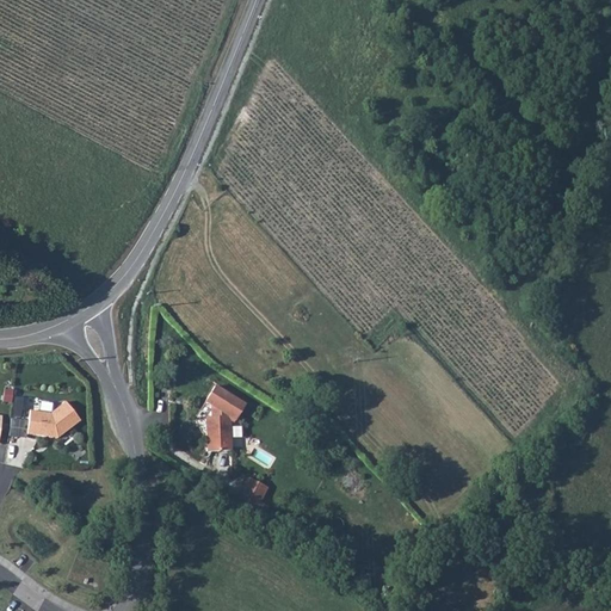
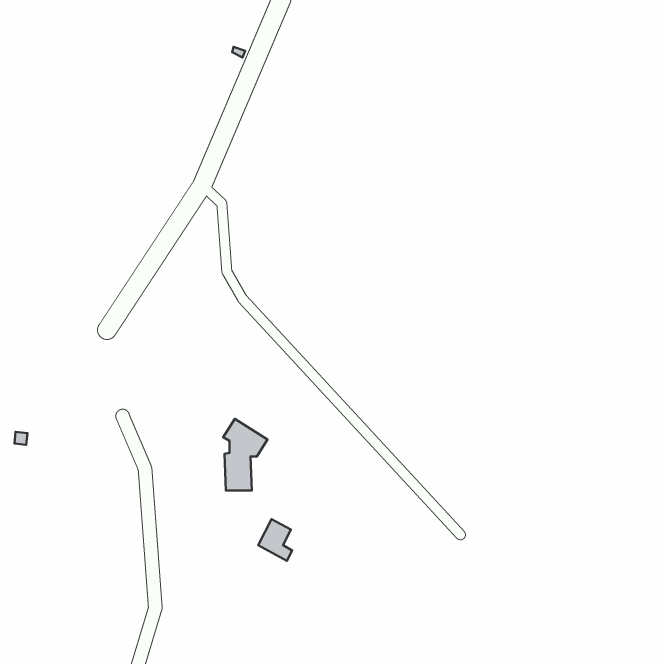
building: [29,400,82,436] -> none

